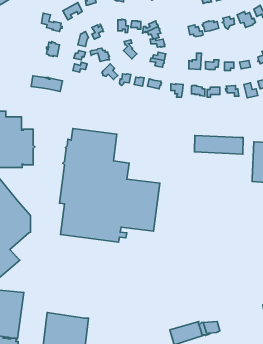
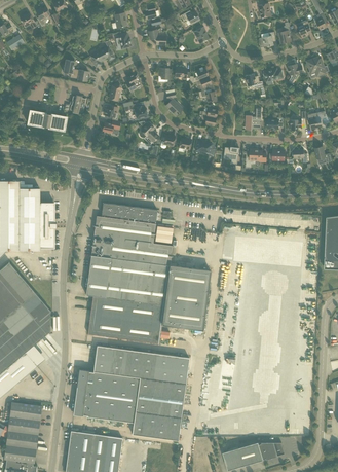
building: [31,76,63,91] -> [27,110,66,130]
building: [194,135,243,154] -> none
building: none -> [72,344,188,439]

